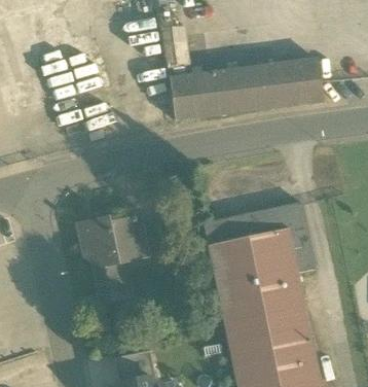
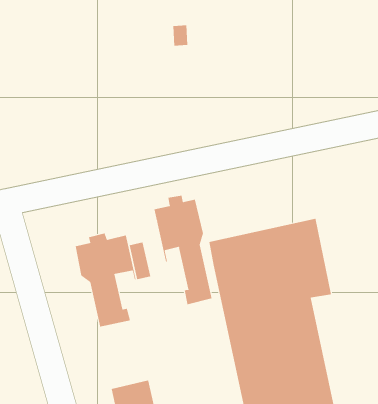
building: [171,61,324,120] -> none
building: none -> [154,195,212,305]

